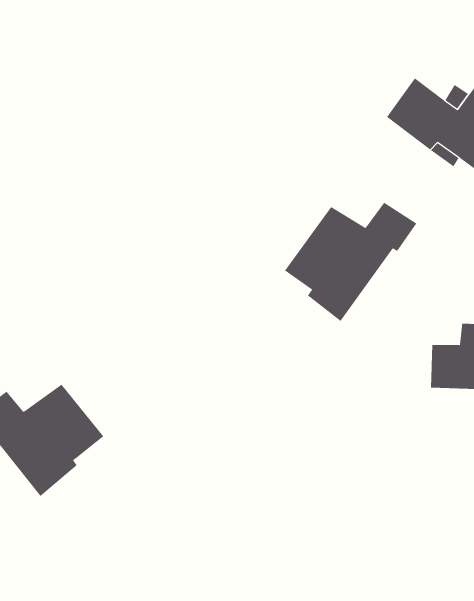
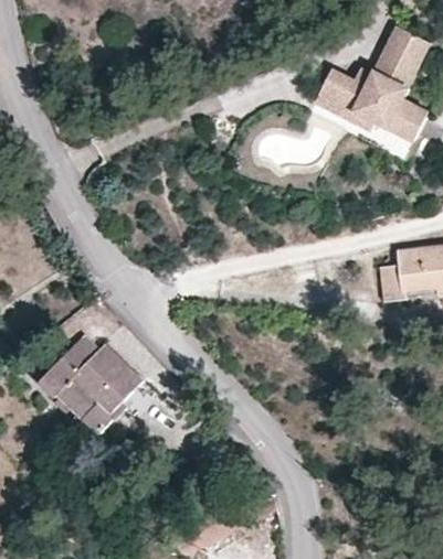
building: [284,202,417,322] -> none

